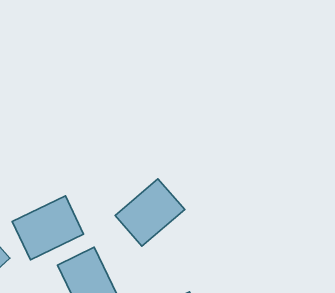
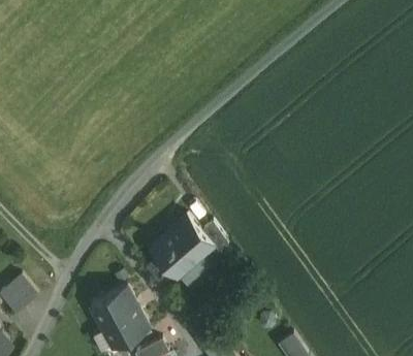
building: [12,196,83,260] -> none

